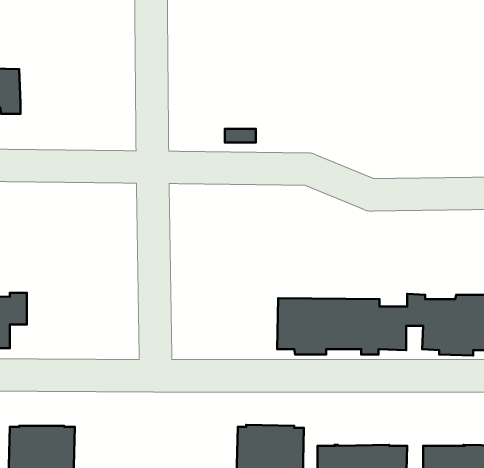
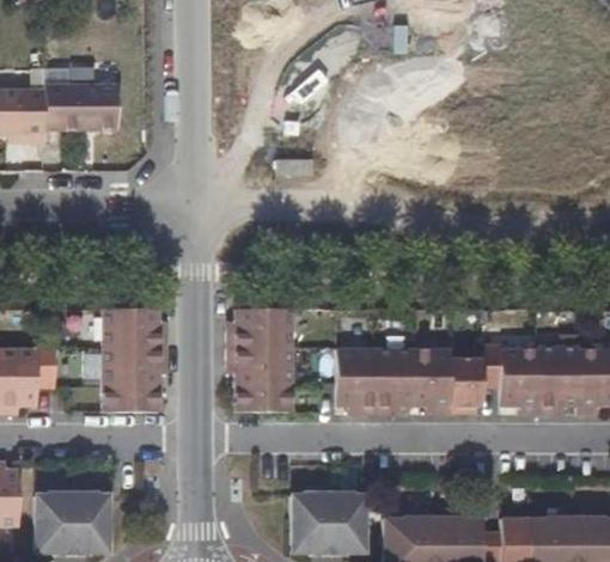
building: none -> [47,87,116,132]
building: none -> [103,309,165,411]
building: none -> [226,309,293,411]

